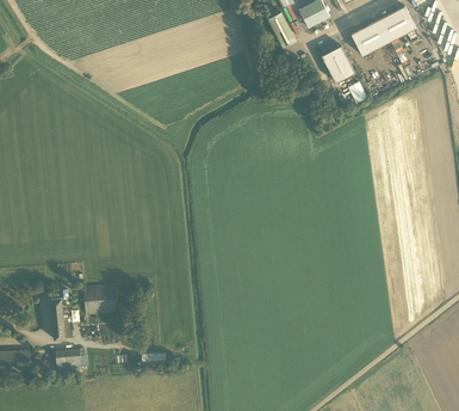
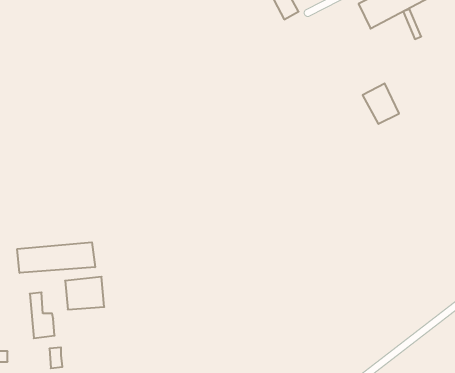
building: [321,45,354,82] -> [363,83,399,124]
building: none -> [17,242,95,273]

